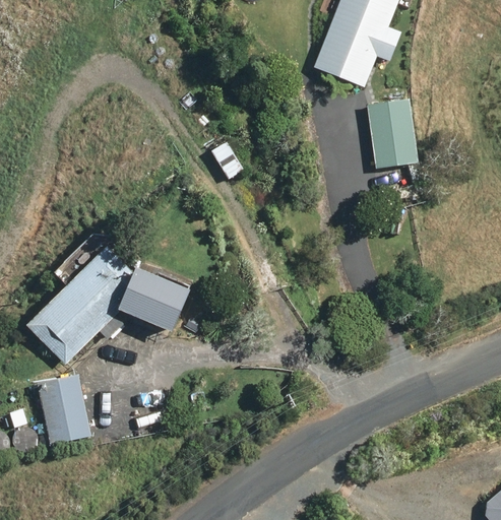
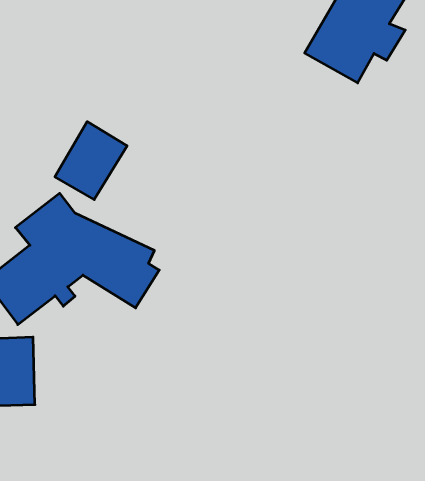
building: [365,100,419,168] -> none
building: none -> [55,122,127,200]

